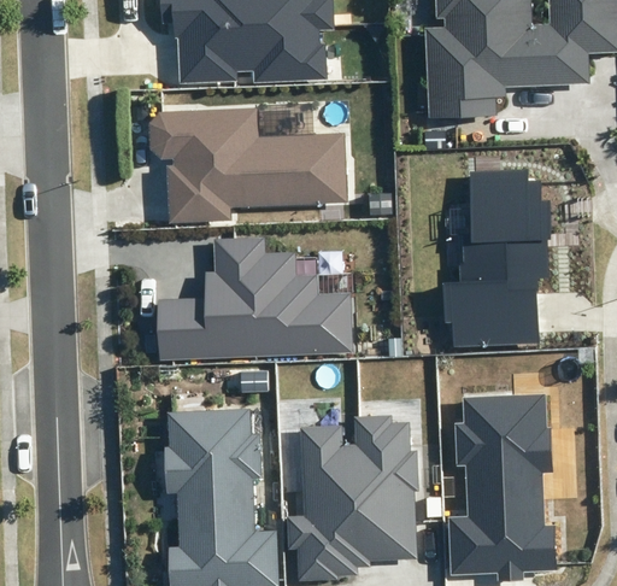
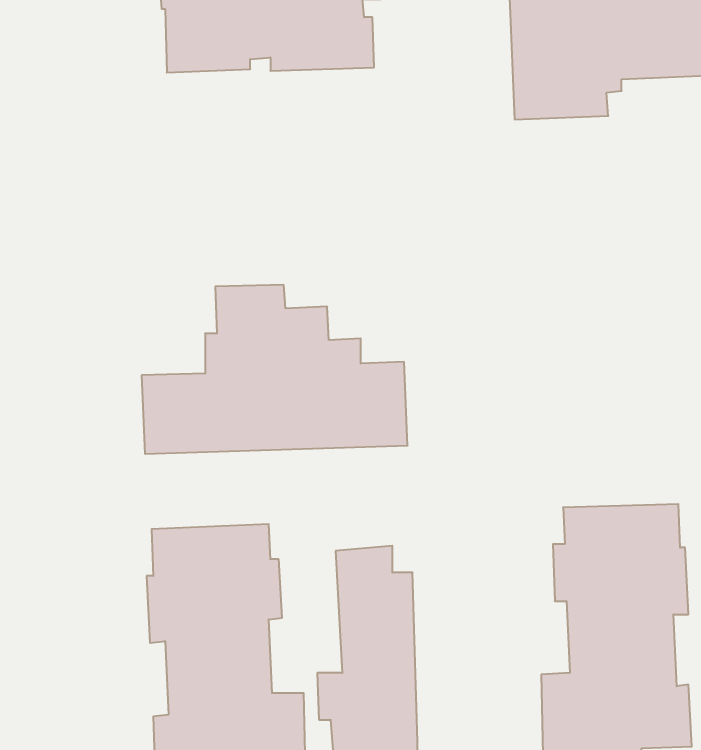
building: [149,107,349,223] -> none
building: [443,170,552,347] -> none
building: [354,415,418,566] -> none

